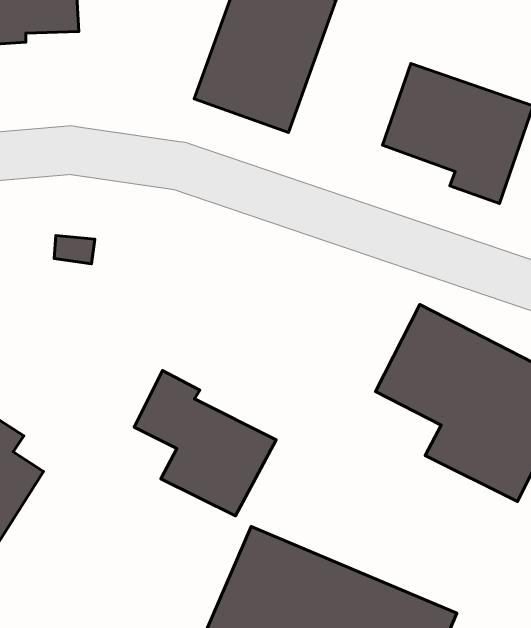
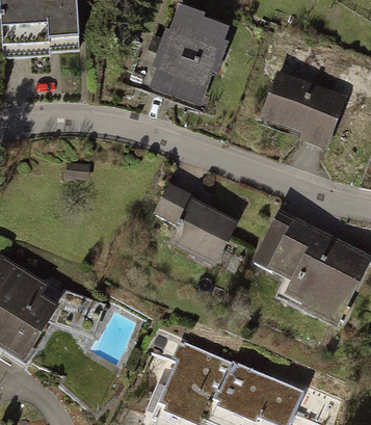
building: [134,371,276,516] -> [153,182,236,267]

